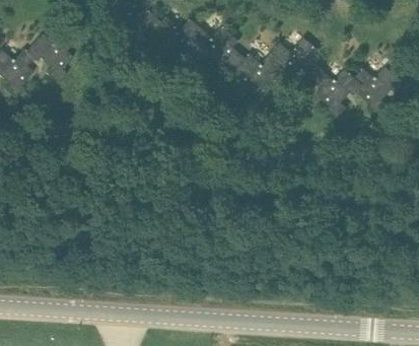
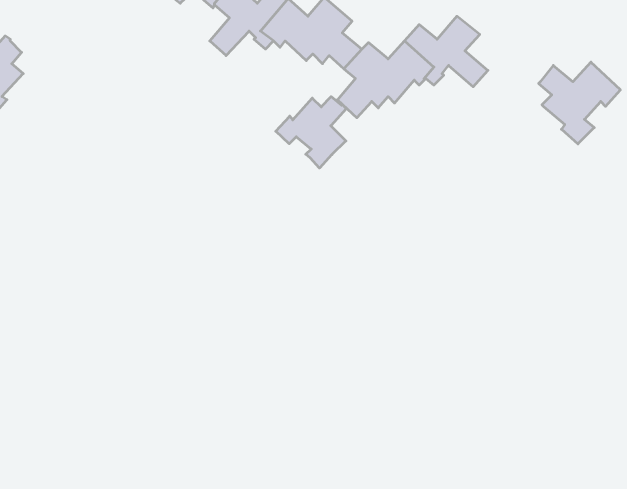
building: [26,31,75,83] -> none
building: [313,68,362,119] -> none
building: none -> [276,97,346,168]

